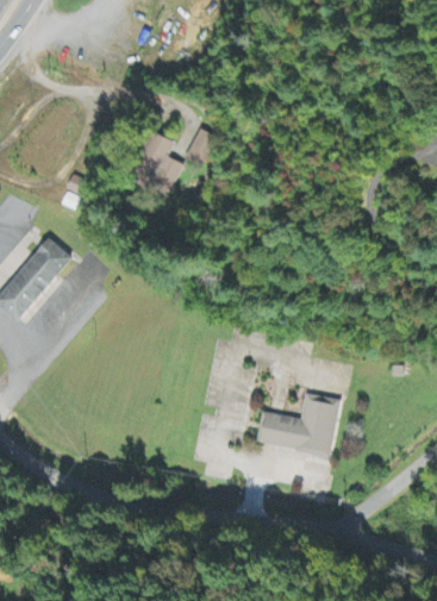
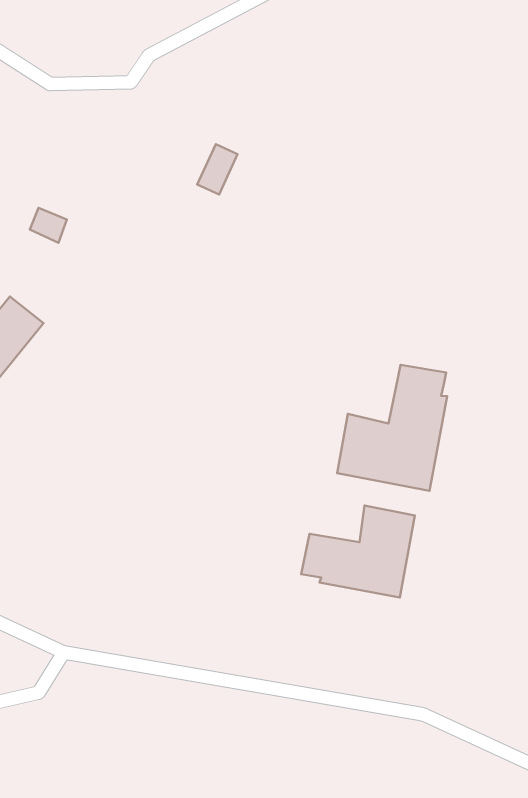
building: [135,133,182,196] -> none
building: none -> [337,365,447,491]

